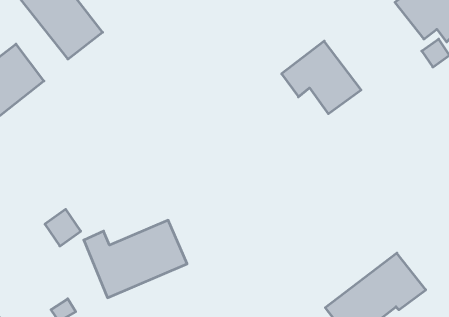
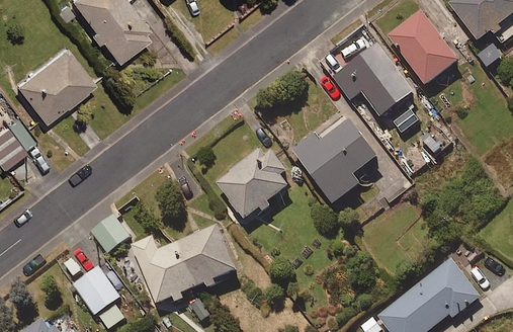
building: none -> [387,9,458,85]
building: none -> [292,110,378,203]
building: none -> [216,149,288,220]
building: none -> [73,265,119,314]

